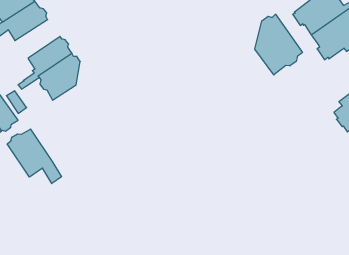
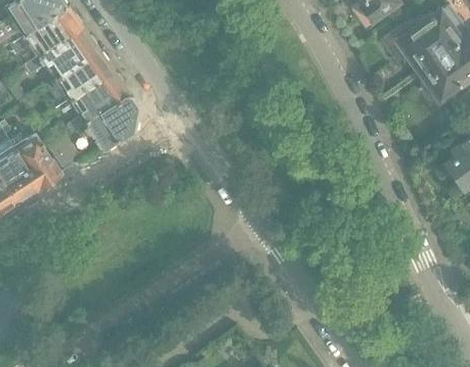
building: [255,14,302,75] -> none
building: none -> [51,52,112,111]
building: [7,129,62,184] -> none

